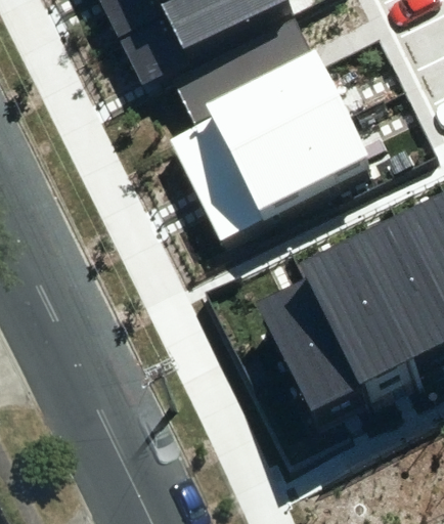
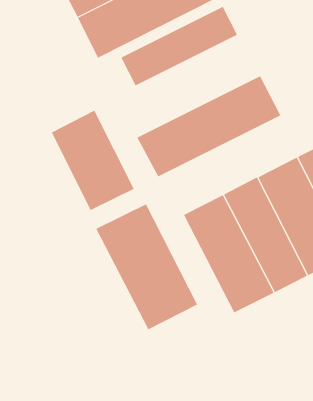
building: [170,59,351,189] -> none
building: none -> [51,110,134,211]
building: none -> [96,204,198,330]

